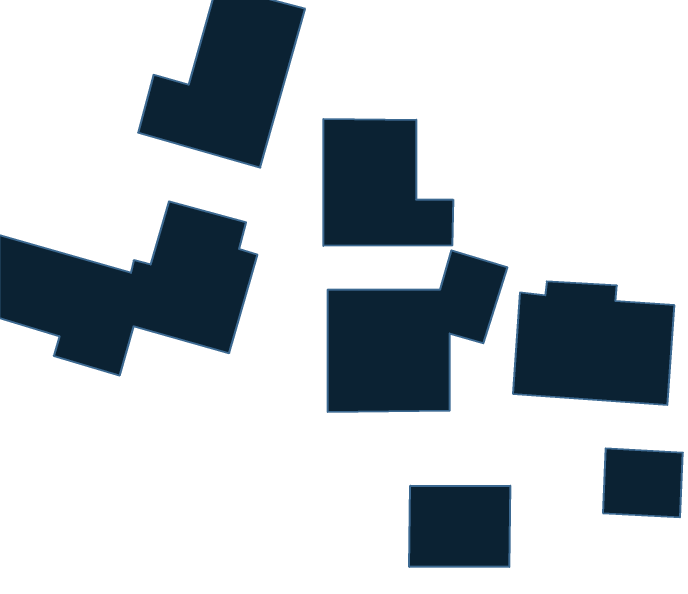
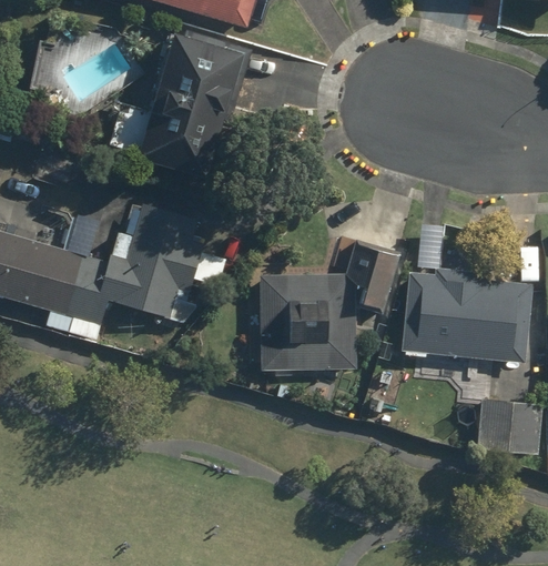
building: [323,119,453,246] -> none
building: [409,486,510,567] -> none

